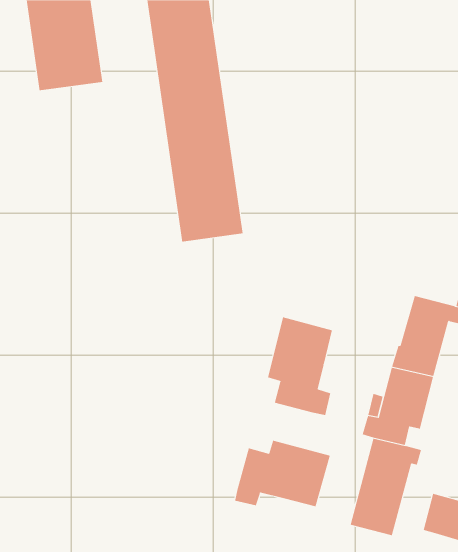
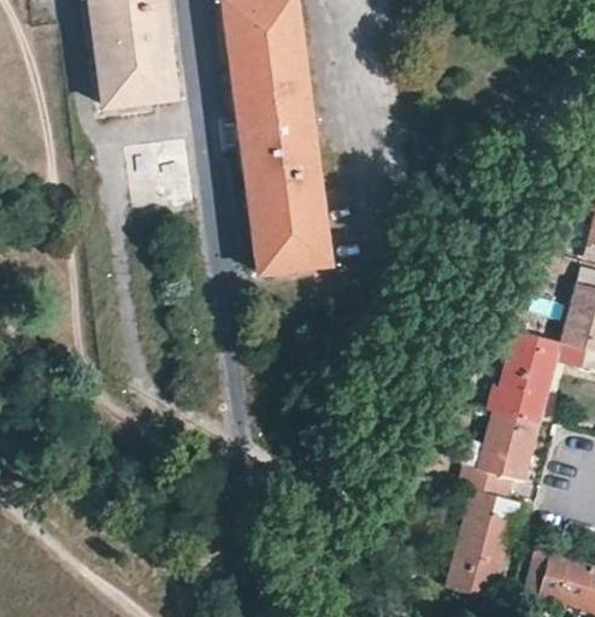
building: [267,316,332,416] -> none
building: [234,440,331,507] -> none

